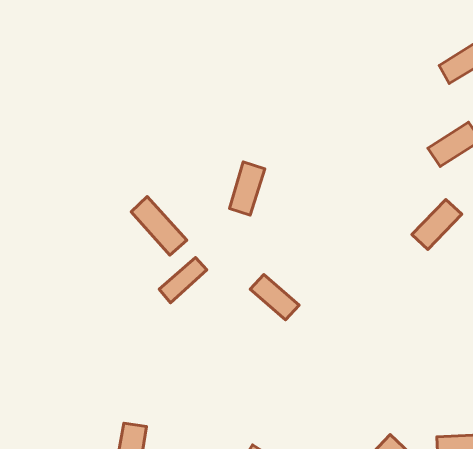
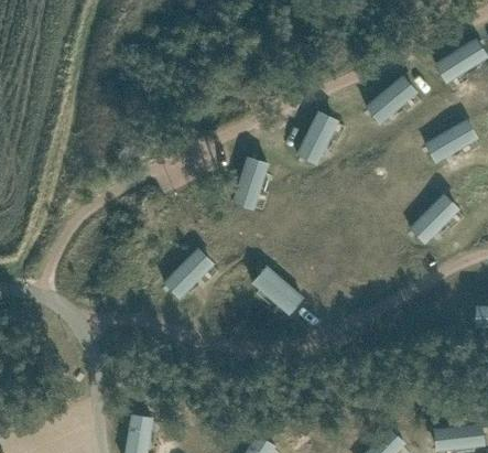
building: none -> [366,78,413,122]
building: none -> [297,112,338,168]
building: [131,196,187,255] -> none

